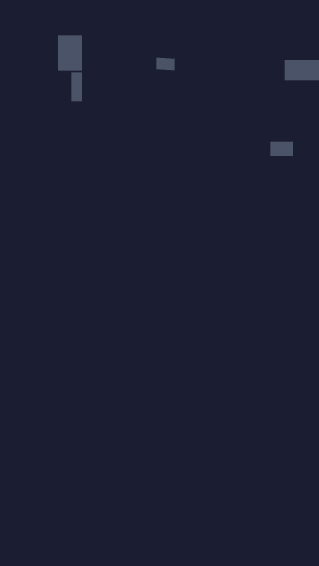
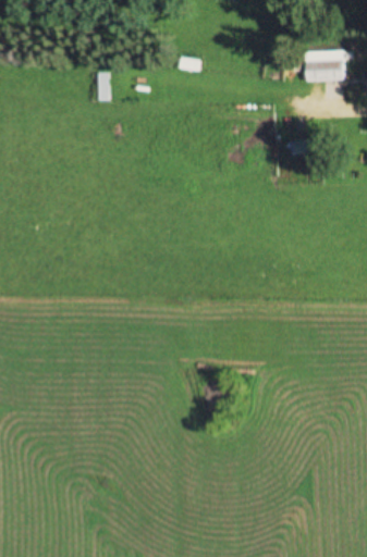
building: [58,34,83,71] -> none

